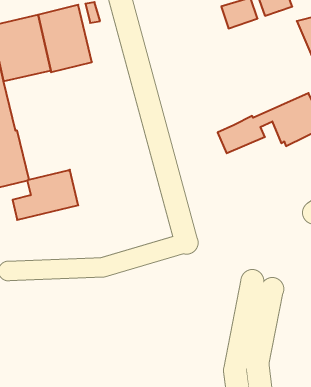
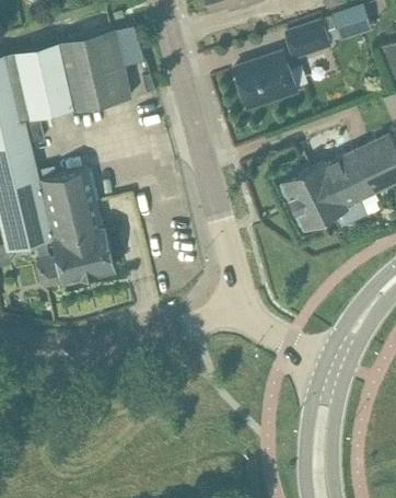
building: none -> [233,53,296,109]
building: none -> [40,171,102,241]
building: none -> [292,171,363,231]

